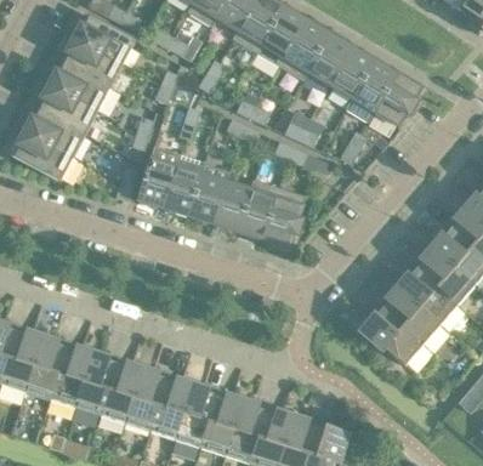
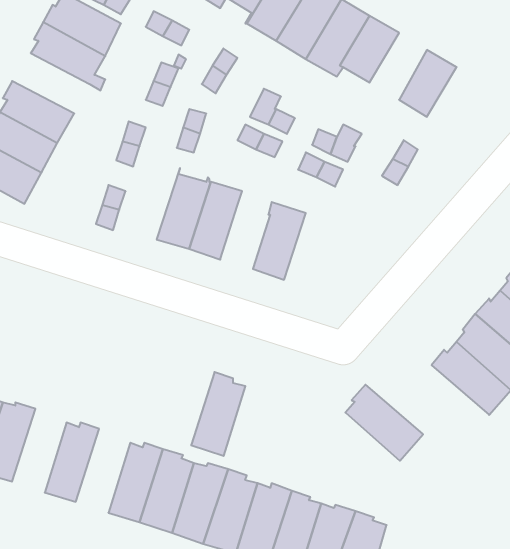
building: [328,46,373,98] -> none
building: [49,62,109,109] -> none
building: [373,73,419,125] -> none
building: [135,143,180,208] -> none
building: [211,181,250,231] -> none
building: [261,187,303,248] -> none
building: [360,306,421,365] -> [345,385,423,461]
building: [49,340,91,405] -> none
building: [98,356,141,421] -> [191,372,245,456]

